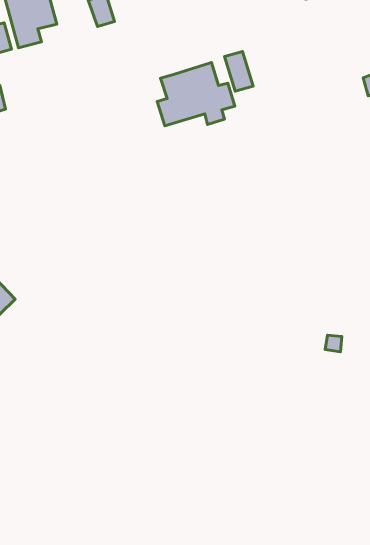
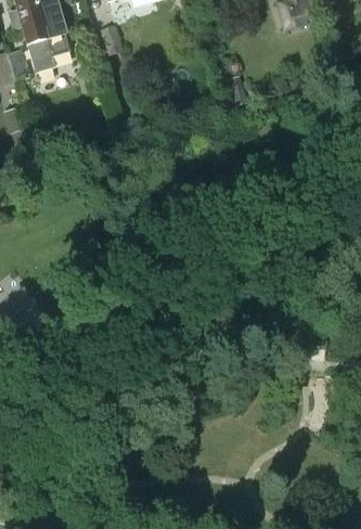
building: [157,62,235,126] -> none

